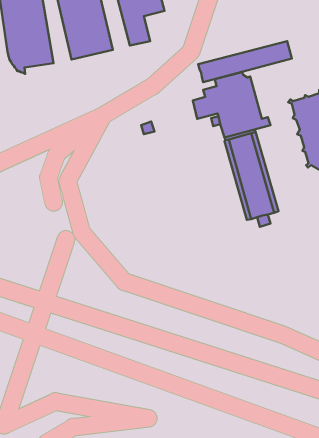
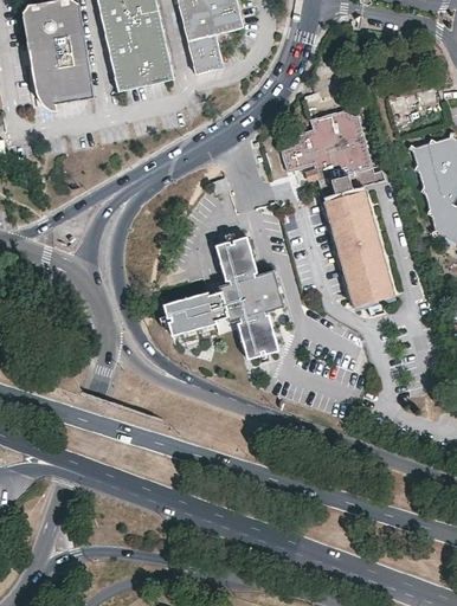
building: [198,41,292,82] -> none
building: none -> [163,236,278,357]

